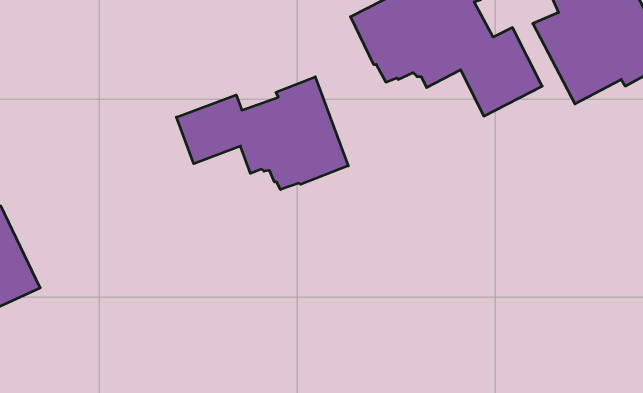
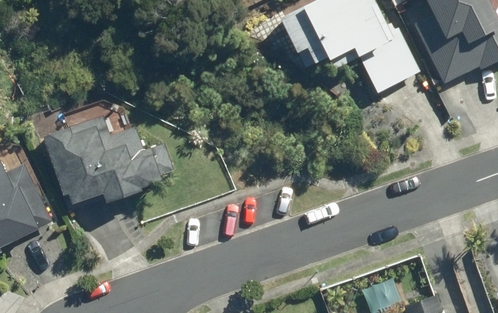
building: [176,77,348,190] -> none
building: none -> [41,116,174,211]

